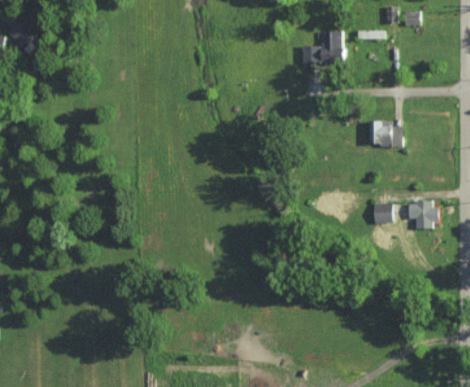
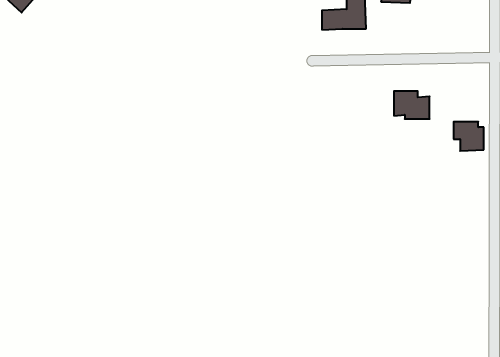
building: [409,202,437,229] -> [454,122,484,151]
building: [374,203,393,223] -> none

